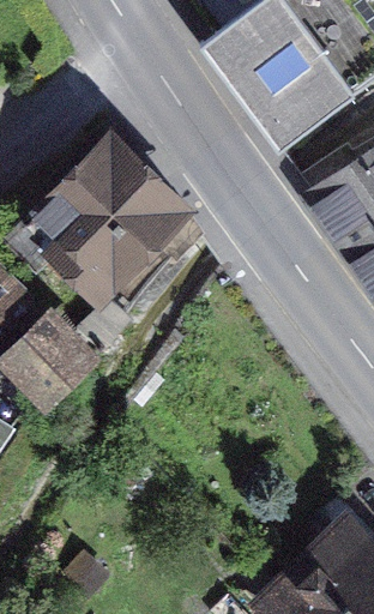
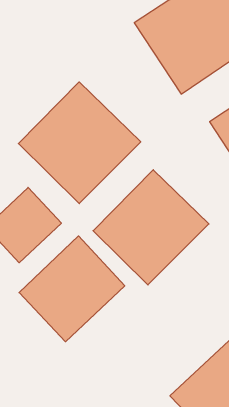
building: none -> [93,170,209,285]
building: none -> [19,236,125,342]

